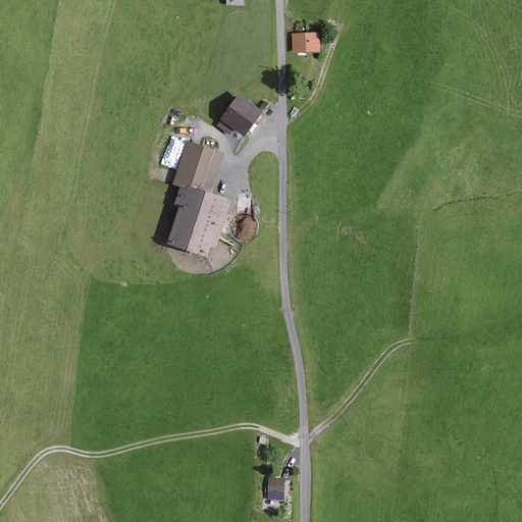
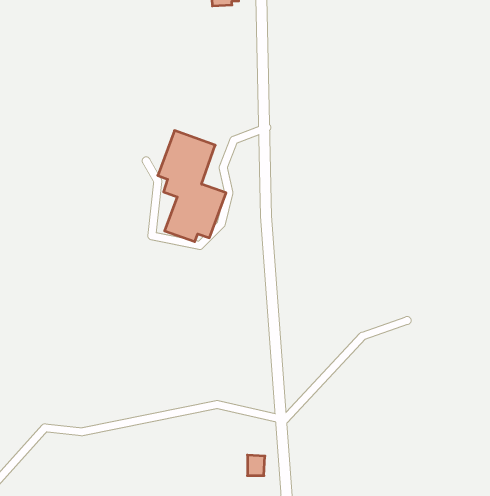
building: [291,32,322,53] -> none
building: [215,93,258,136] -> none

